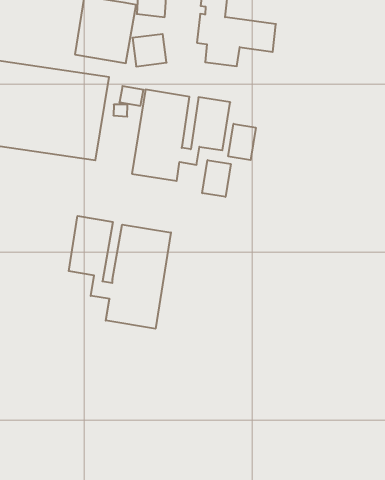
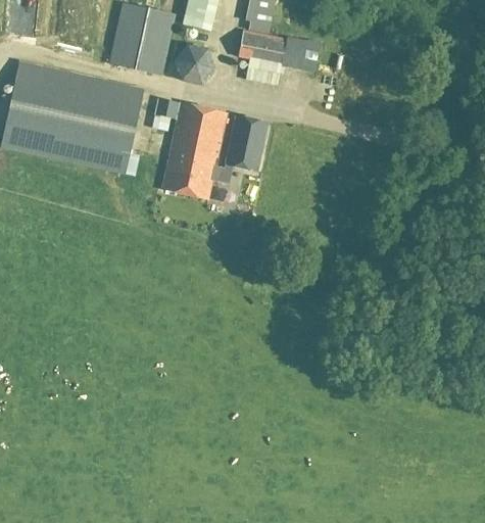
building: [228,124,256,160] -> none
building: [202,160,231,197] -> none
building: [69,216,171,329] -> none

